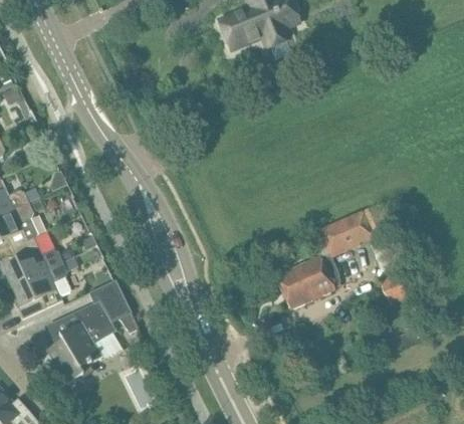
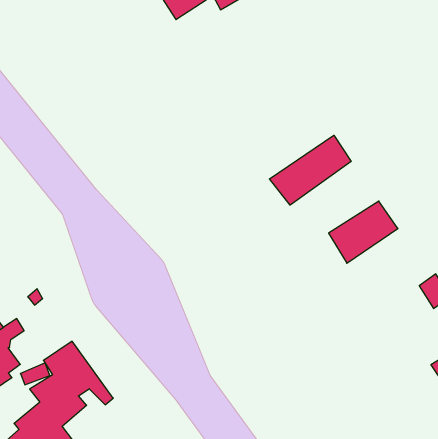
building: none -> [269,135,351,205]
building: [275,255,336,308] -> none

